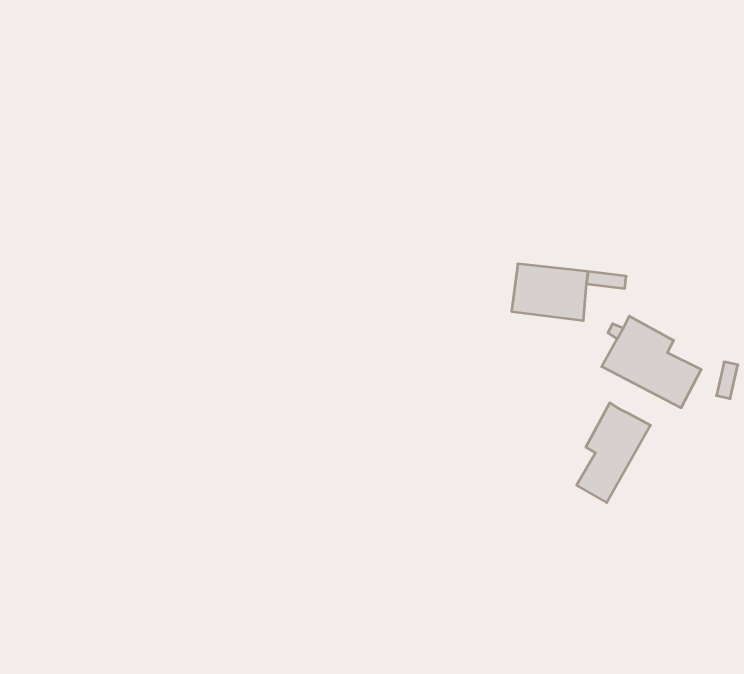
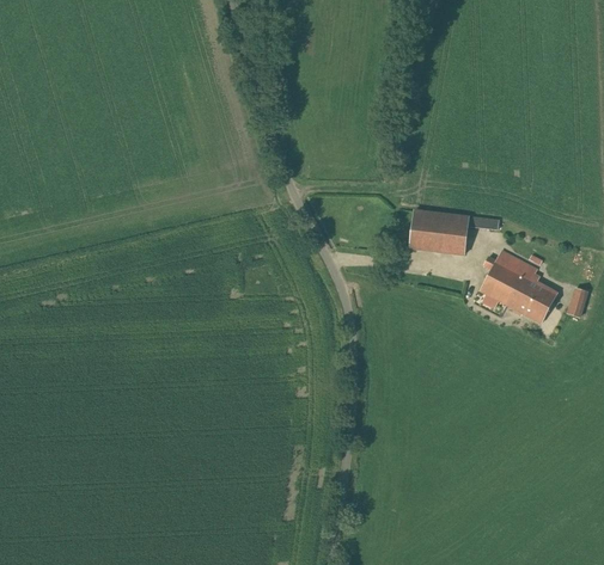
building: [577,403,651,503] -> none

